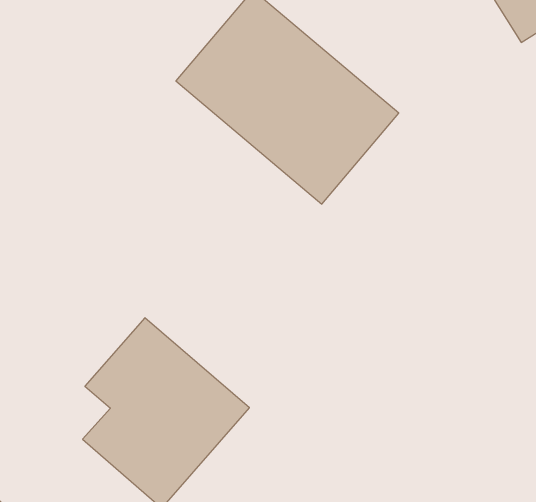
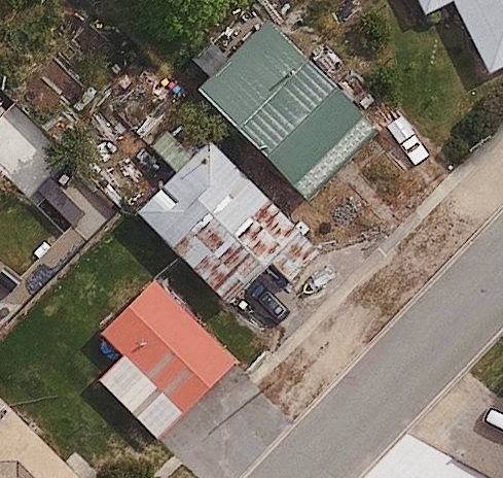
building: none -> [134,137,302,305]

